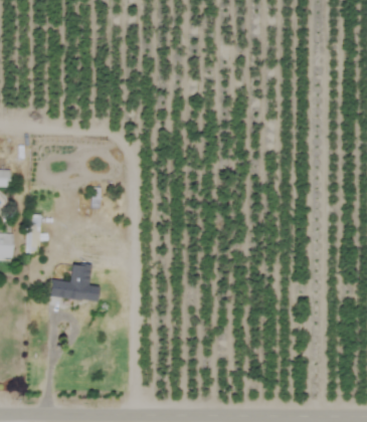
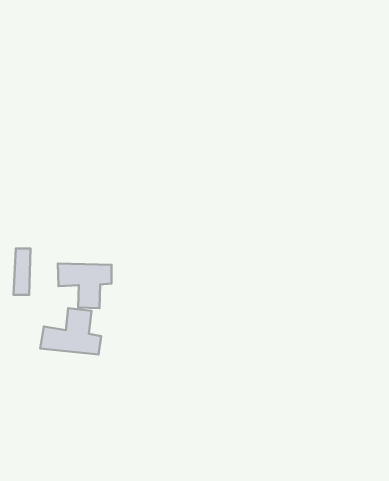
building: none -> [58,263,111,308]

